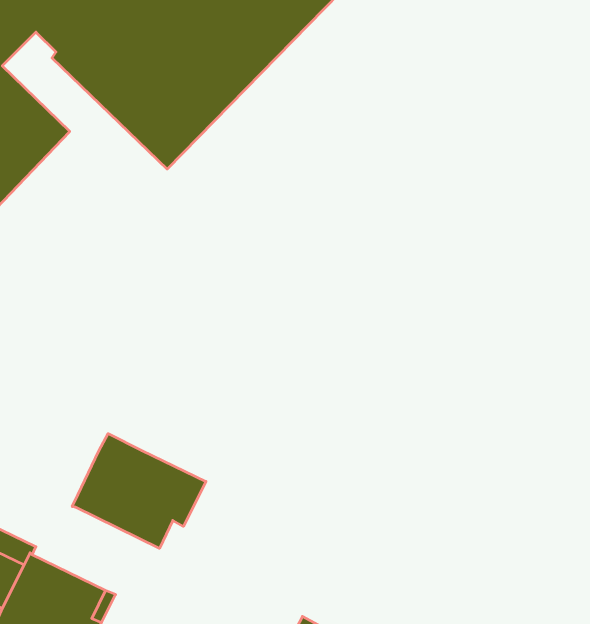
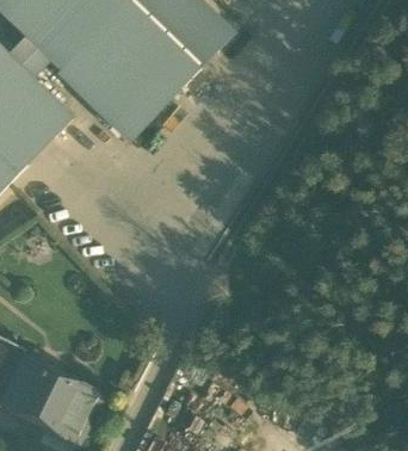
building: [72,434,206,548] -> none

